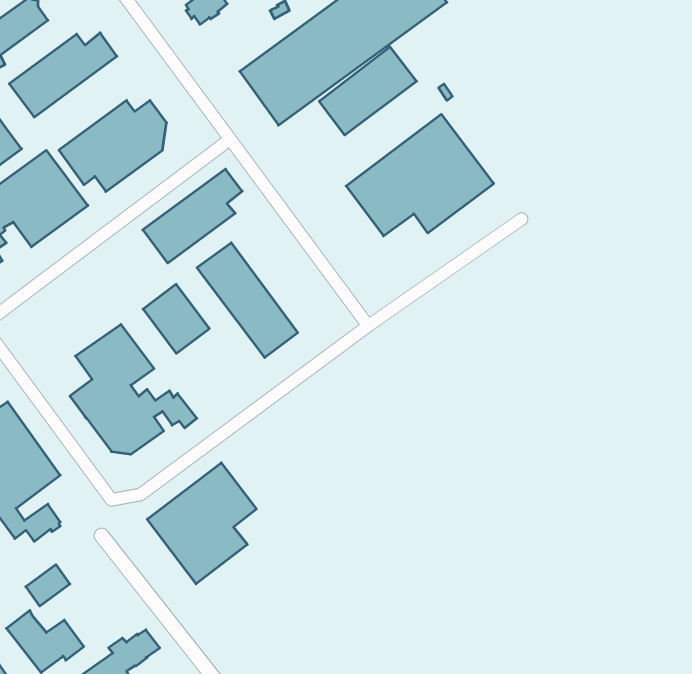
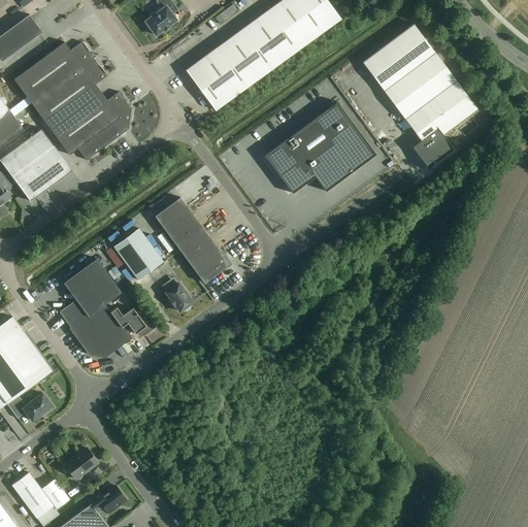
building: none -> [362,24,477,169]
building: [319,47,417,135] -> none
building: [143,169,242,263] -> [32,59,106,129]
building: none -> [166,284,193,311]
building: [147,463,256,584] -> none
building: [26,565,70,606] -> [65,449,98,480]

